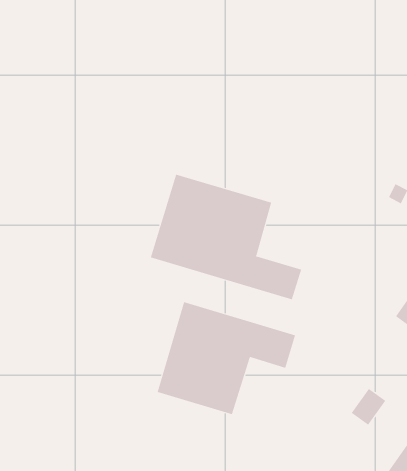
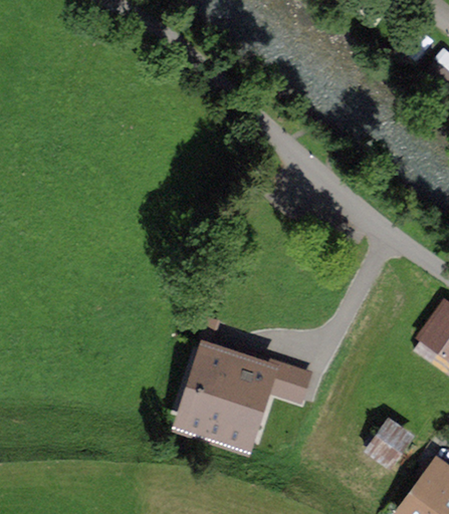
building: [150,174,302,300] -> none

